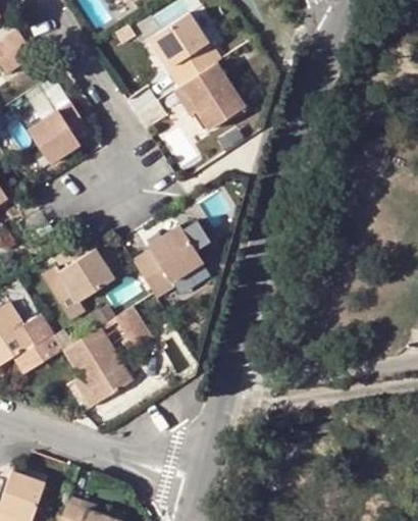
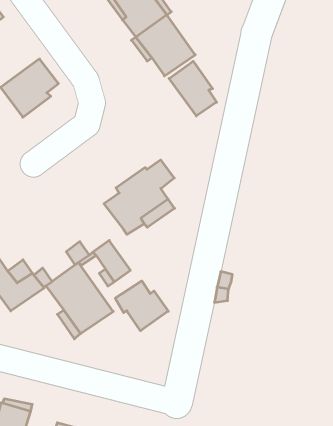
building: none -> [169,61,217,116]
building: [42,252,115,323] -> none
building: none -> [115,281,168,331]

